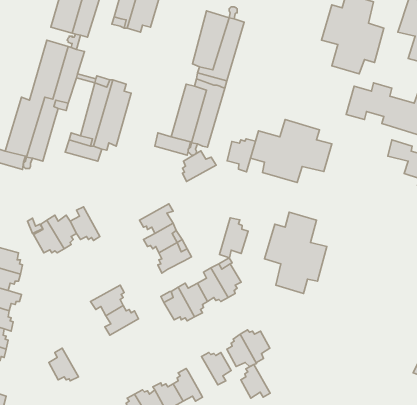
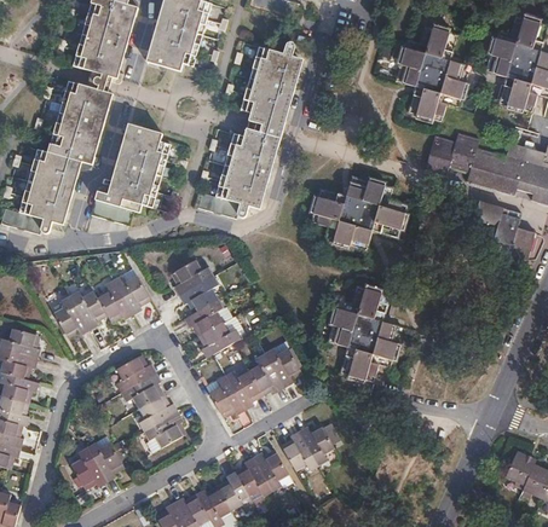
building: [227,139,255,172] -> none
building: [183,151,216,181] -> [173,259,213,295]
building: none -> [111,273,146,314]
building: [219,218,248,258] -> none
building: none -> [115,357,155,392]
building: none -> [143,412,181,447]
building: none -> [86,441,121,481]
building: [241,365,270,398] -> [236,457,271,497]

